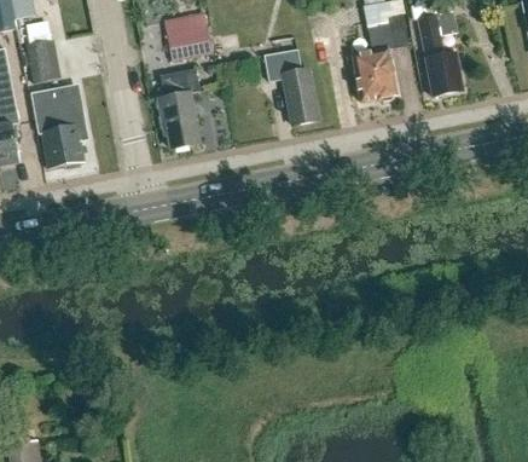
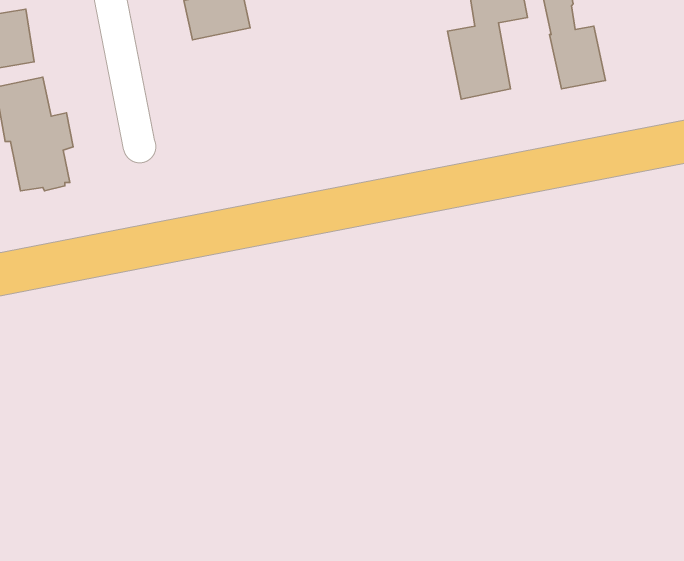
building: [265,47,318,123] -> none
building: [159,69,197,145] -> none

